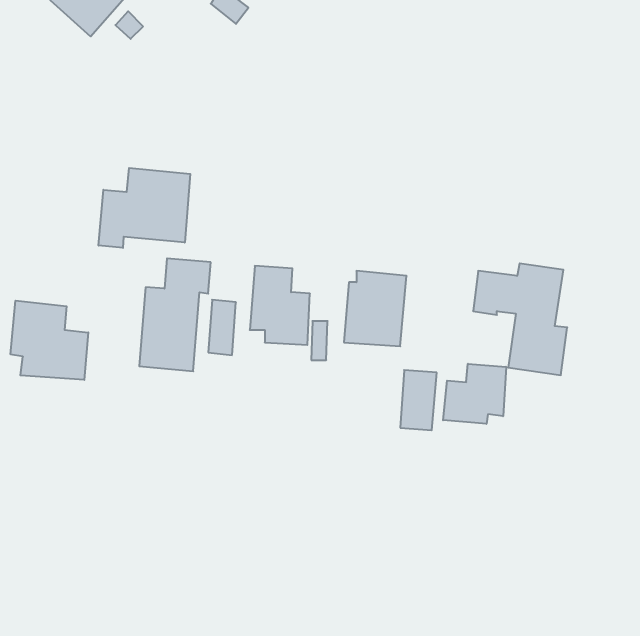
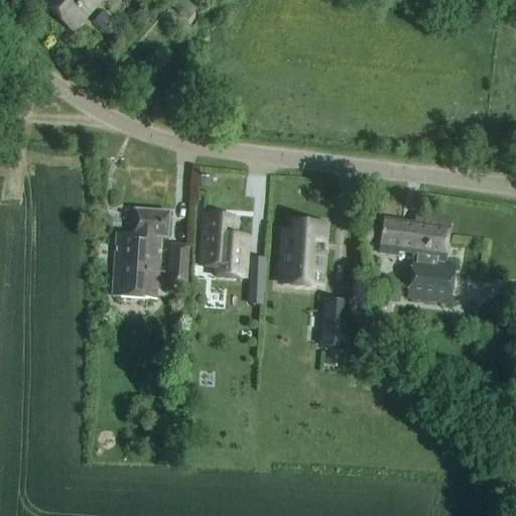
building: [99,168,190,248] -> none
building: [11,301,88,380] -> none
building: [443,364,506,424] -> none

